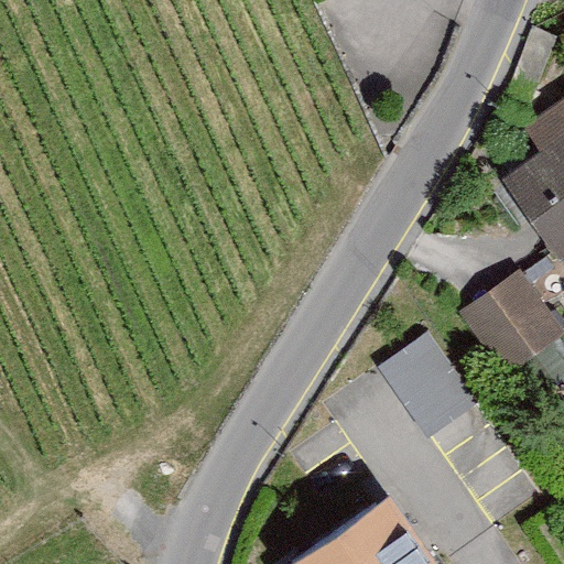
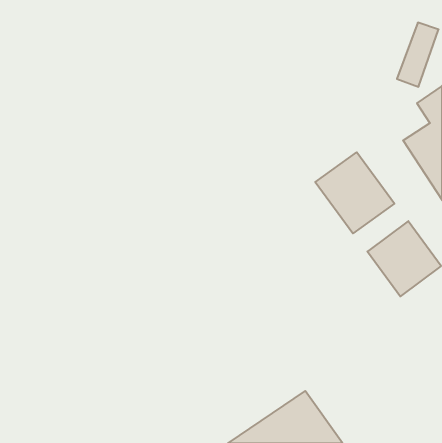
building: none -> [315,152,394,233]
building: [380,335,479,441] -> none

